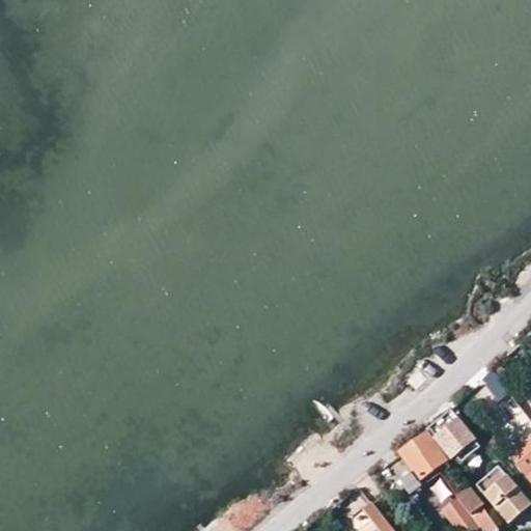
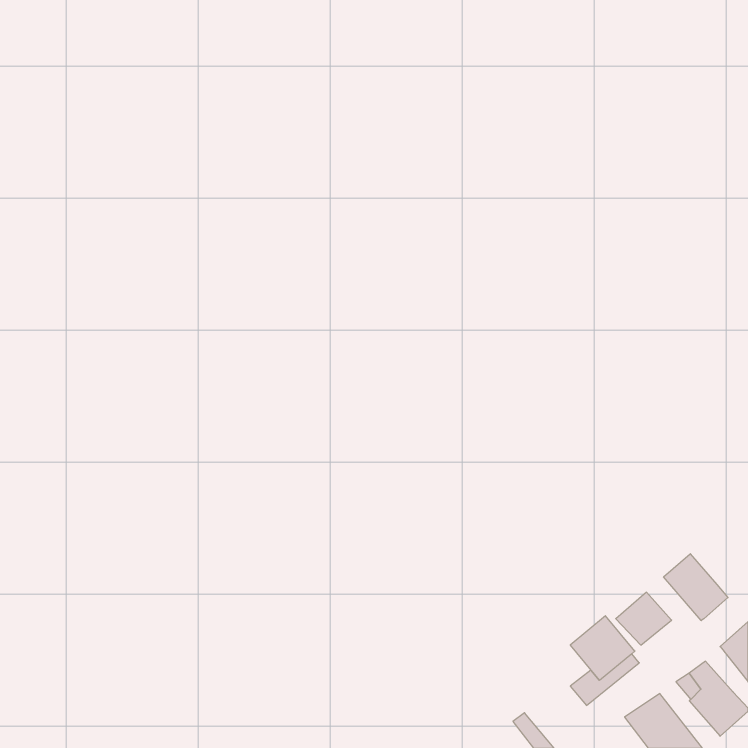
building: none -> [664,554,728,621]

